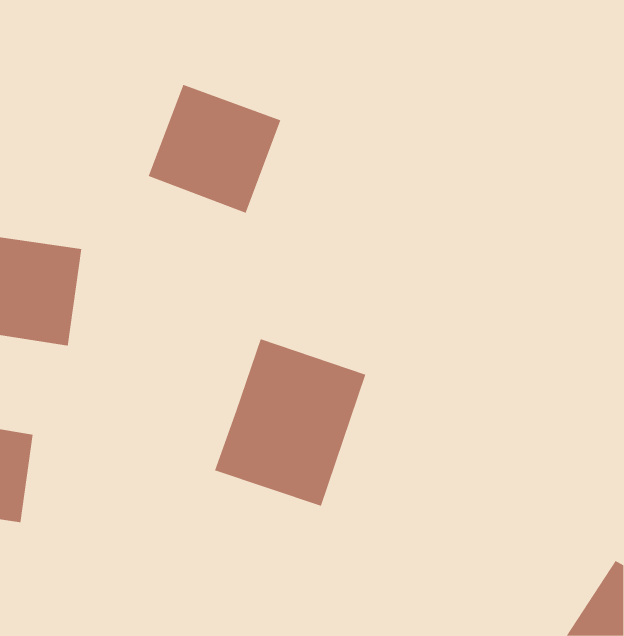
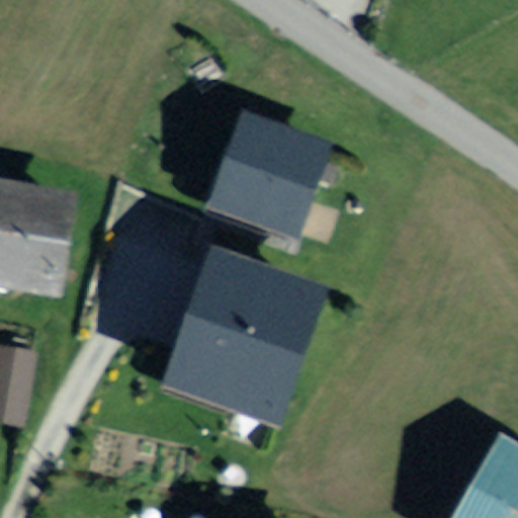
building: [148,84,281,214] -> [218,119,326,225]

